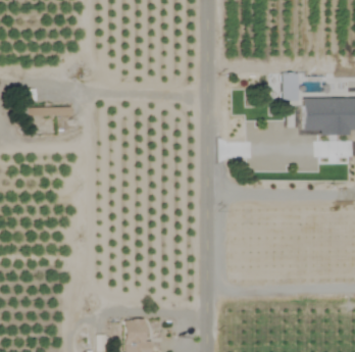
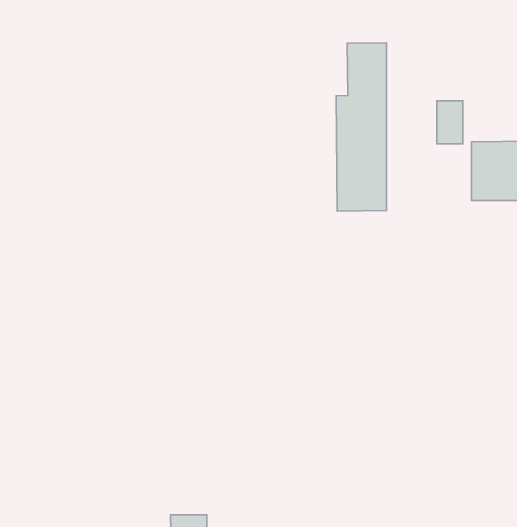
building: none -> [336,43,386,211]

